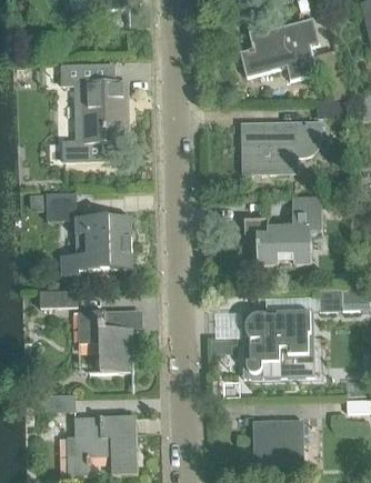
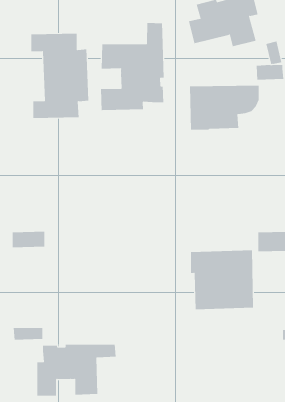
building: none -> [101,22,164,111]
building: [46,192,131,274] -> none
building: [243,194,321,268] -> none
building: [77,309,142,371] -> none
building: [252,420,303,465] -> none

